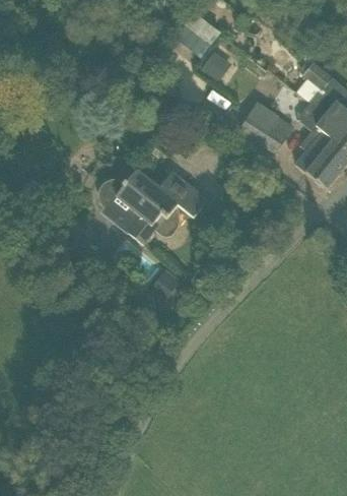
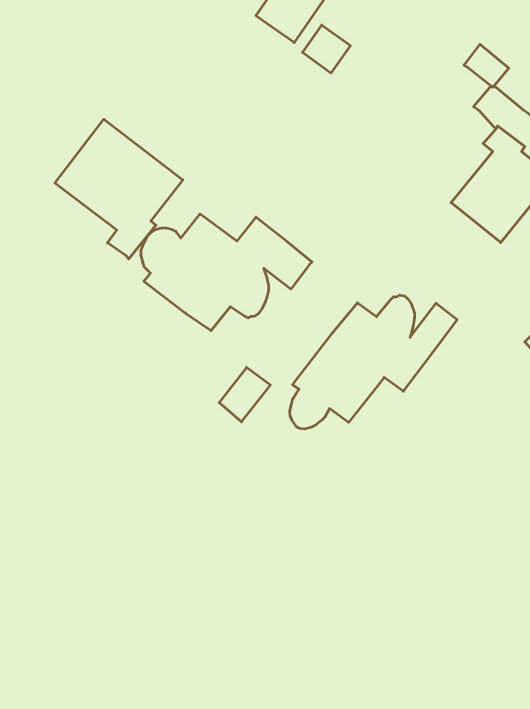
building: [238,103,292,156] -> none
building: none -> [55,119,183,259]
building: none -> [290,295,457,429]

